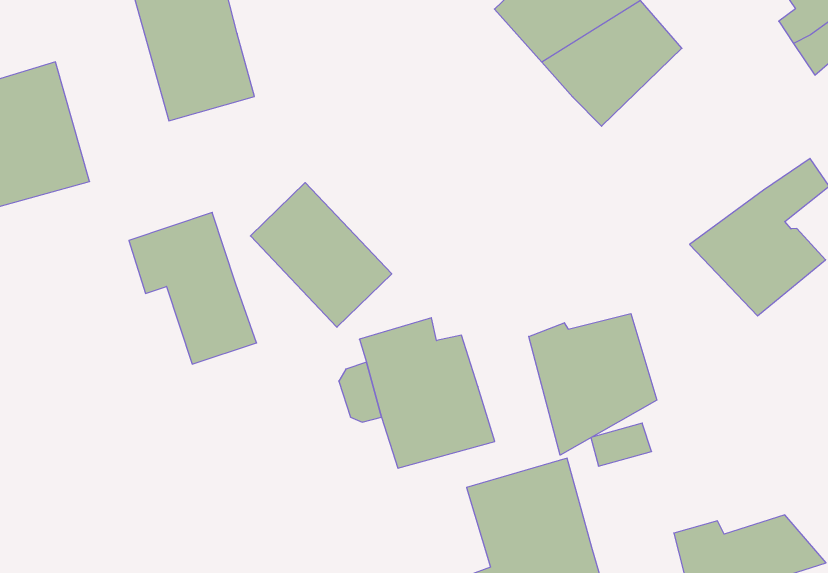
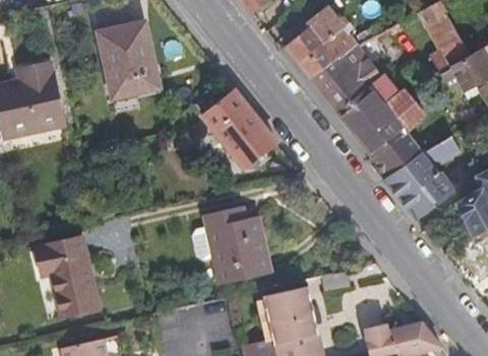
building: none -> [338,73,423,176]
building: [250,183,392,327] -> [201,89,274,166]
building: [129,212,257,364] -> [37,236,101,315]
building: [529,314,657,455] -> none

